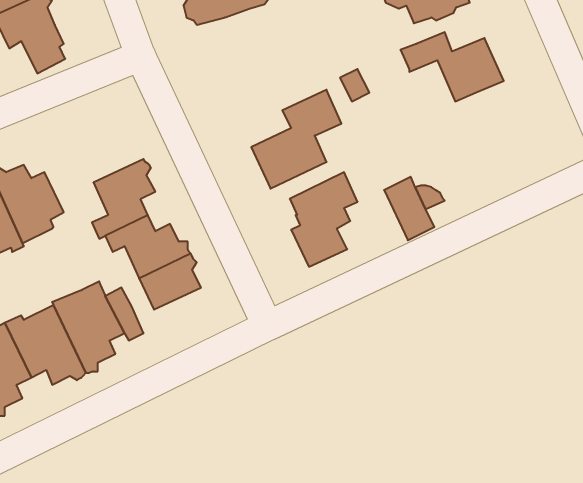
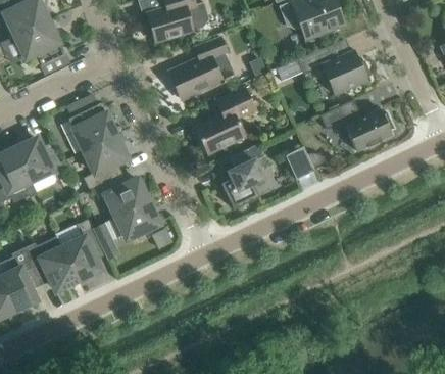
building: none -> [168,37,234,98]
building: none -> [65,93,118,150]
building: none -> [319,99,394,151]

